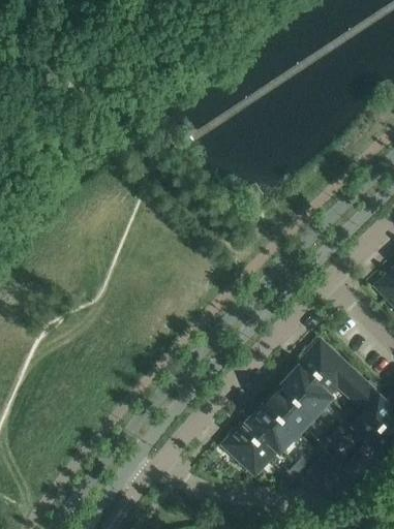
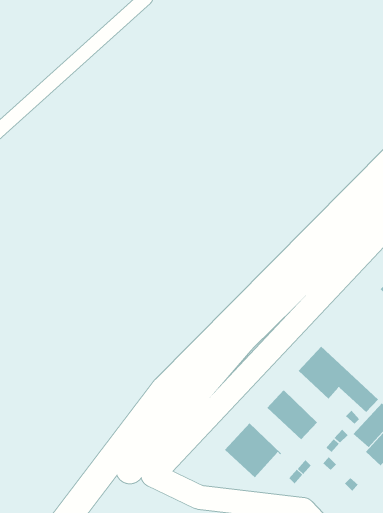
building: [283,367,333,417] -> none
building: [249,403,300,448] -> none

